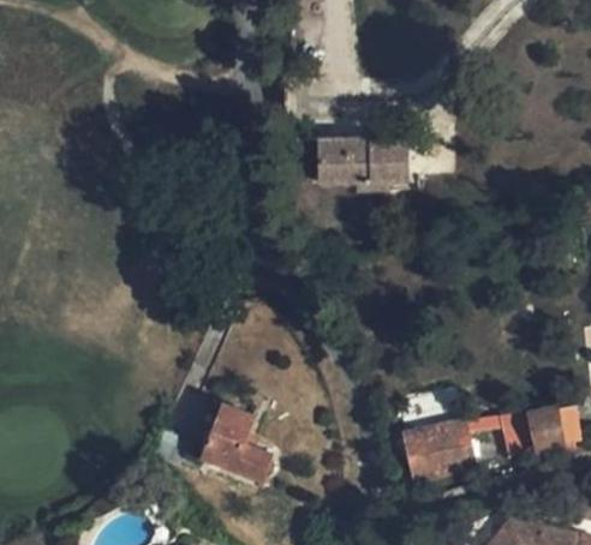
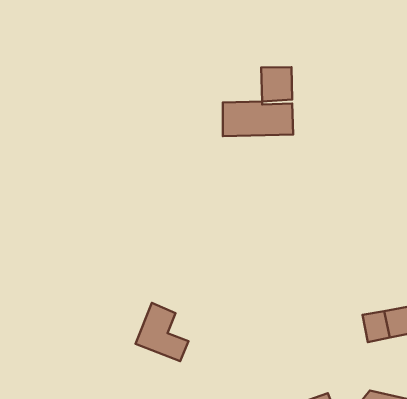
building: none -> [261,67,292,102]
building: [405,421,476,481] -> none

